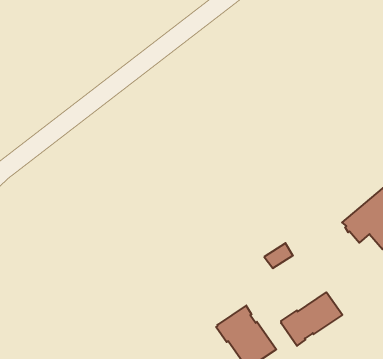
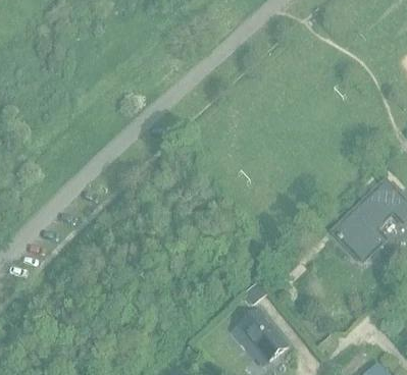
building: [281,292,342,346] -> none

